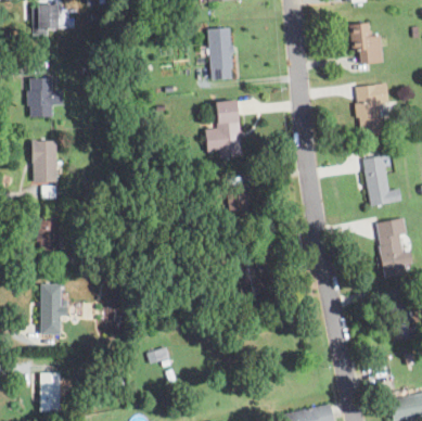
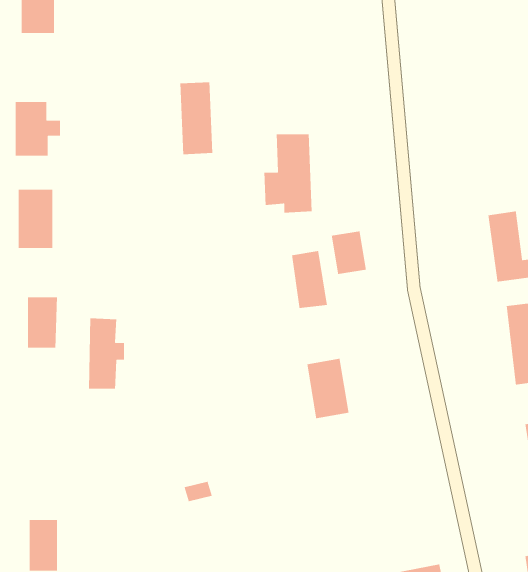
building: [349,23,382,63] -> none
building: [208,27,232,79] -> [180,81,213,155]
building: [356,85,387,138] -> none
building: none -> [331,230,367,275]
building: [40,284,66,335] -> [88,317,125,390]

